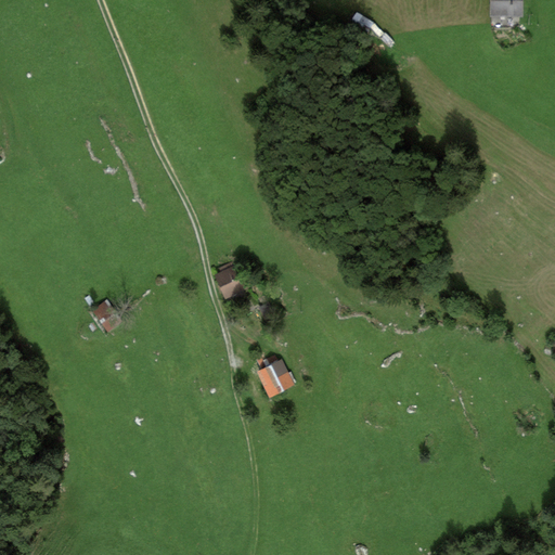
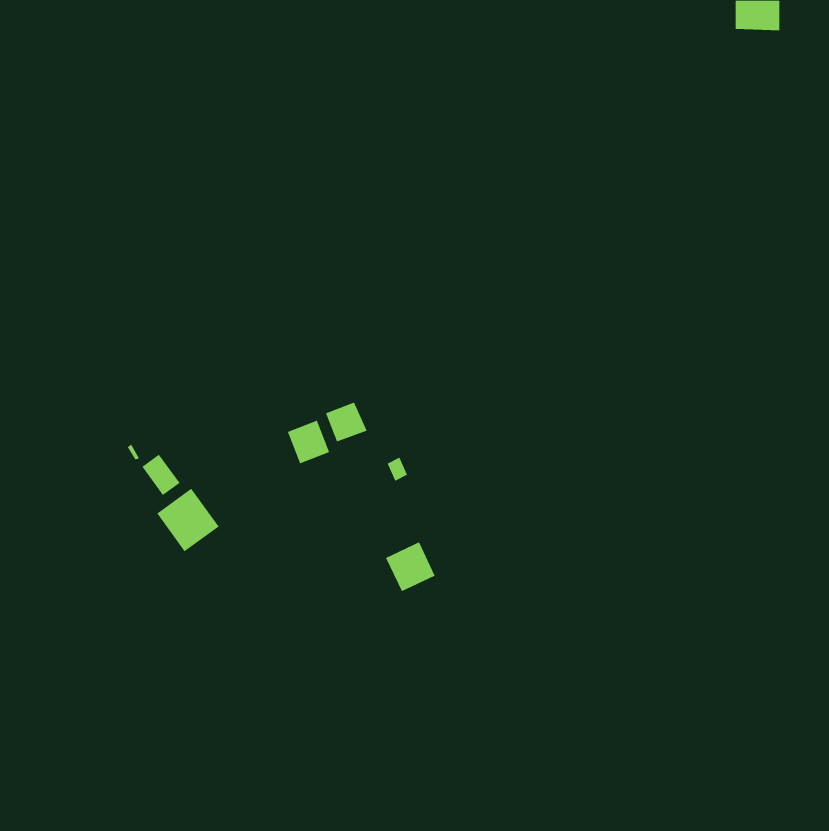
building: none -> [287,420,330,464]
building: none -> [156,488,219,552]

